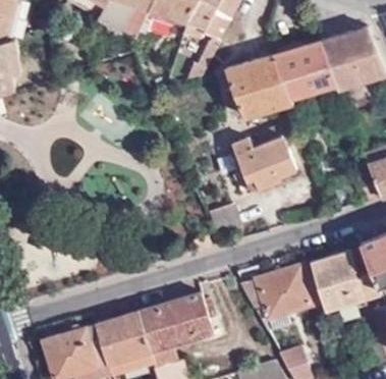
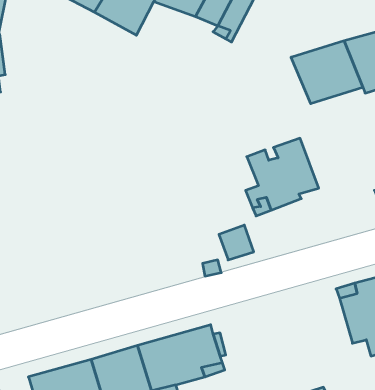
building: [227,56,293,117] -> none
building: [241,266,312,332] -> none

